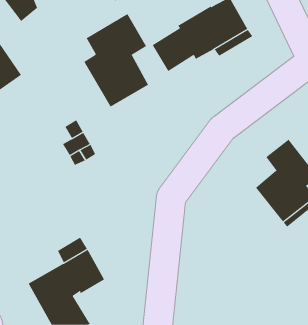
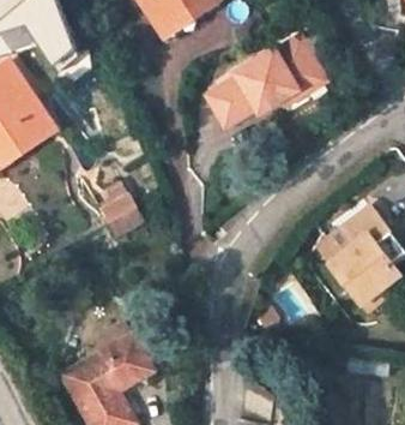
building: [83,13,149,108] -> none

